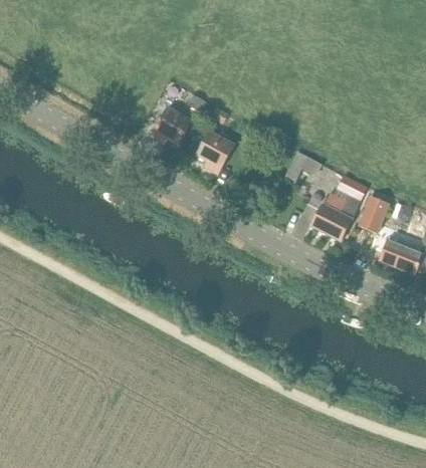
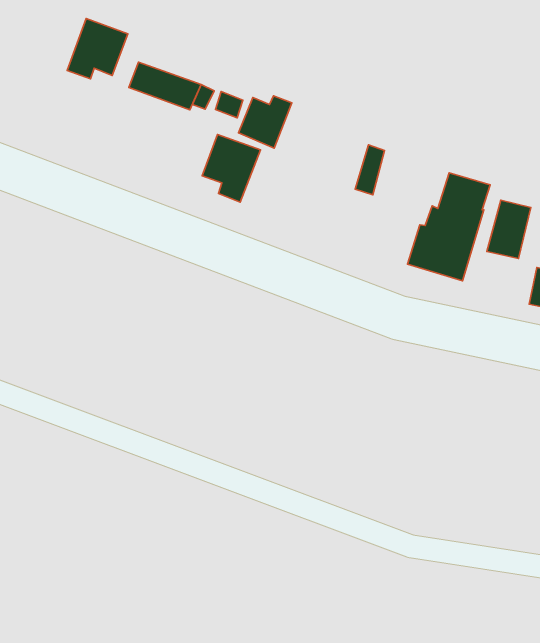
building: [152,106,191,143] -> [67,18,128,79]
building: none -> [239,96,292,148]

